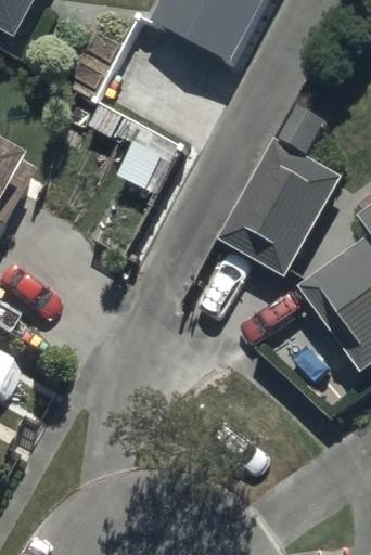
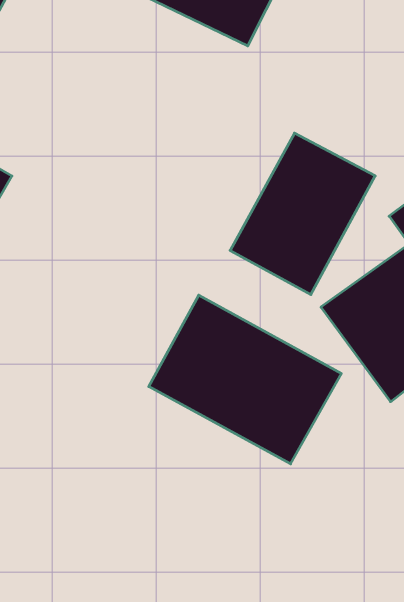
building: none -> [149,295,341,464]

